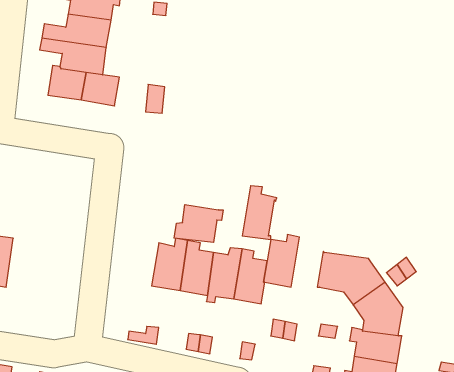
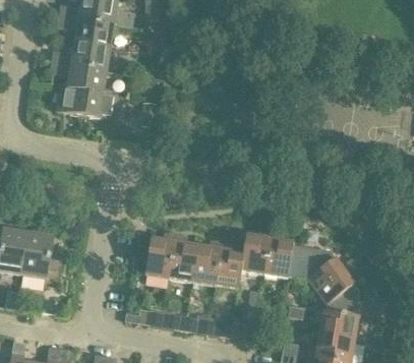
building: [242,186,277,239] -> [263,231,293,277]
building: [174,205,223,242] -> none
building: none -> [20,232,62,286]

